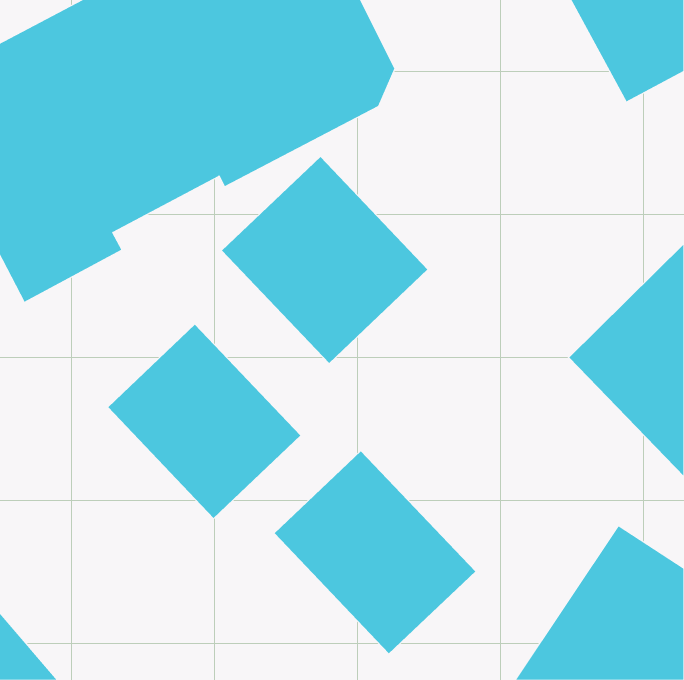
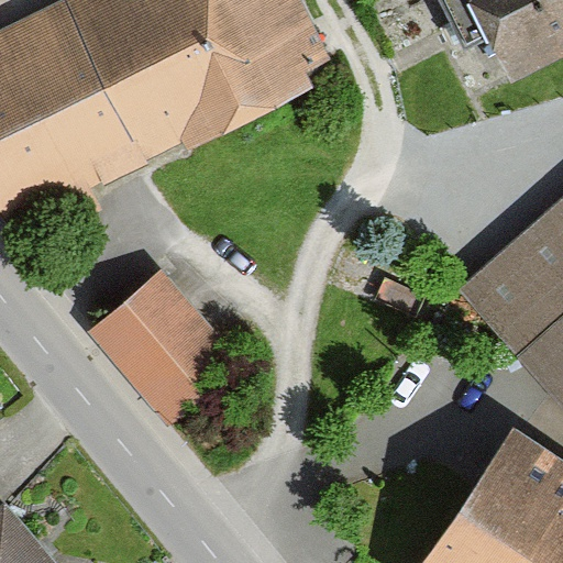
building: [221,156,428,364] -> none
building: [274,450,476,654] -> none

